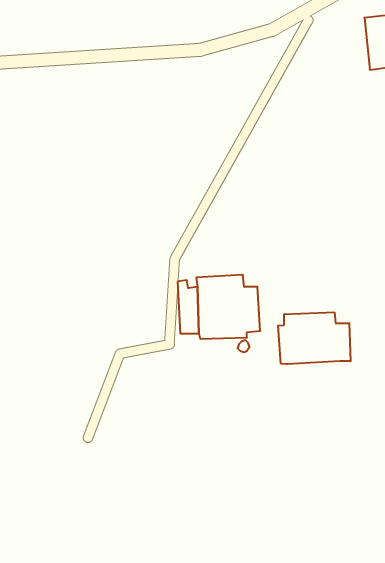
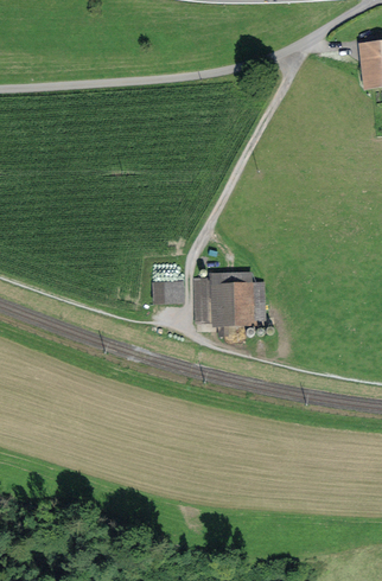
building: none -> [152,280,184,306]
building: [278,312,351,364] -> none

